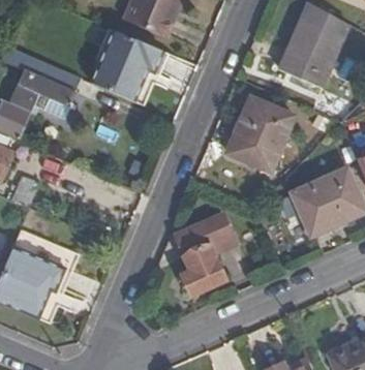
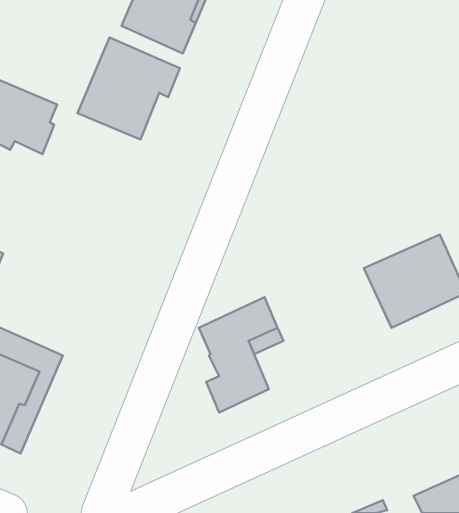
building: [279,19,342,88] -> none
building: [227,97,293,168] -> none

